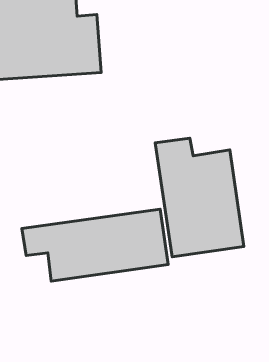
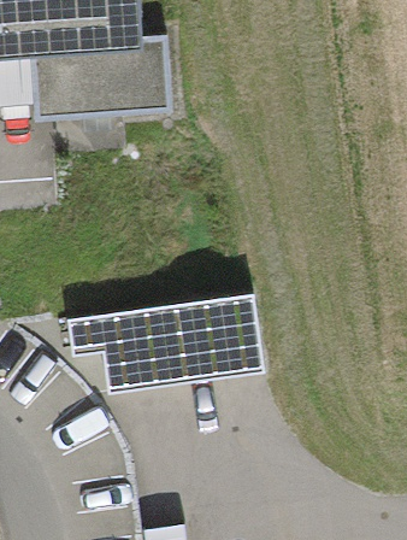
building: [155,138,244,257] -> none

